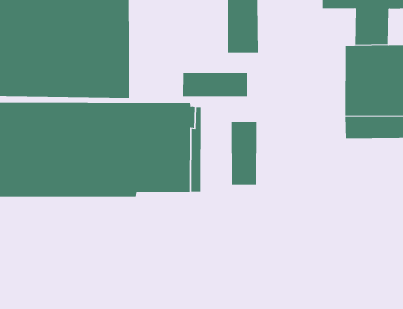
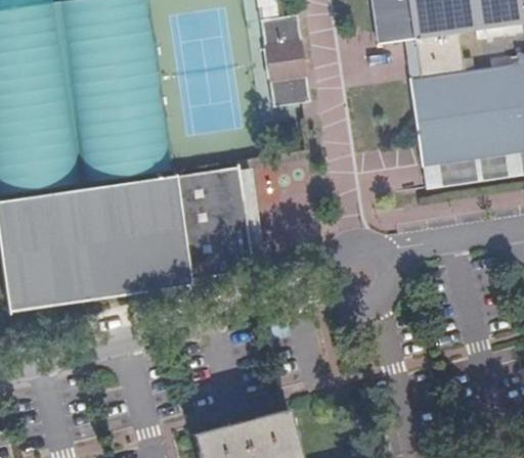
building: [182,72,248,97] -> none
building: [231,121,257,186] -> none

